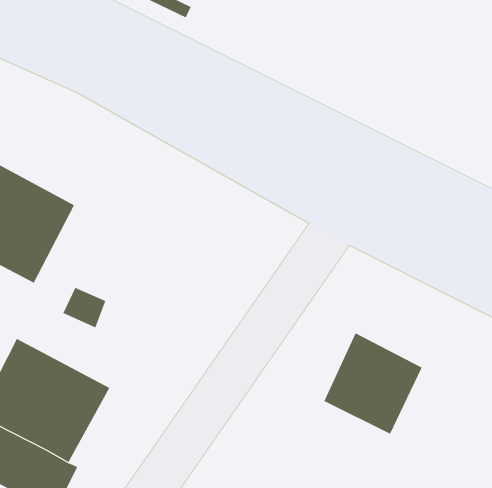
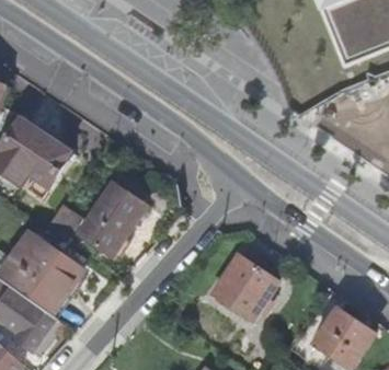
building: none -> [79,182,147,256]

